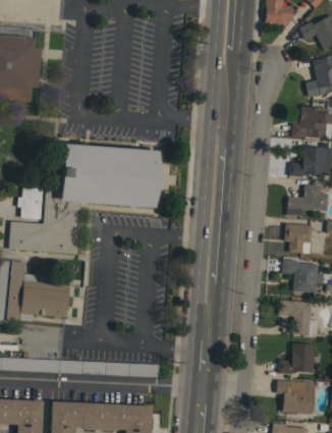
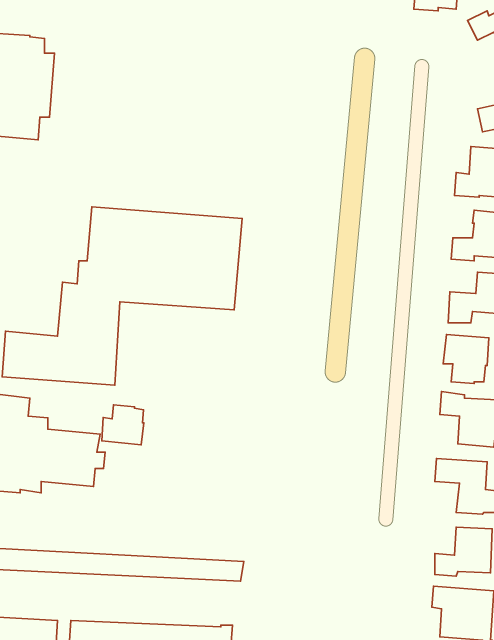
building: [17,186,43,219] -> none
building: none -> [102,405,144,445]

